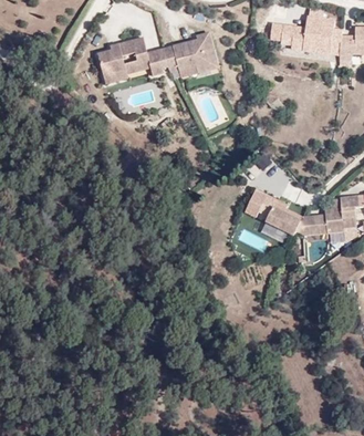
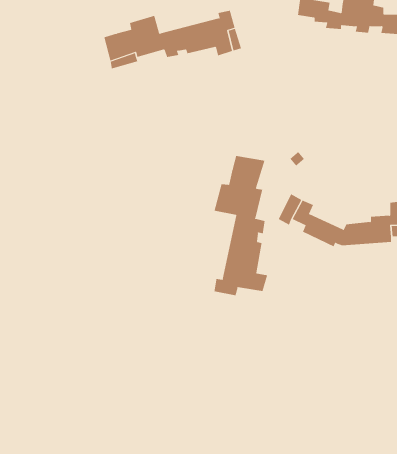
building: none -> [214,155,268,296]

